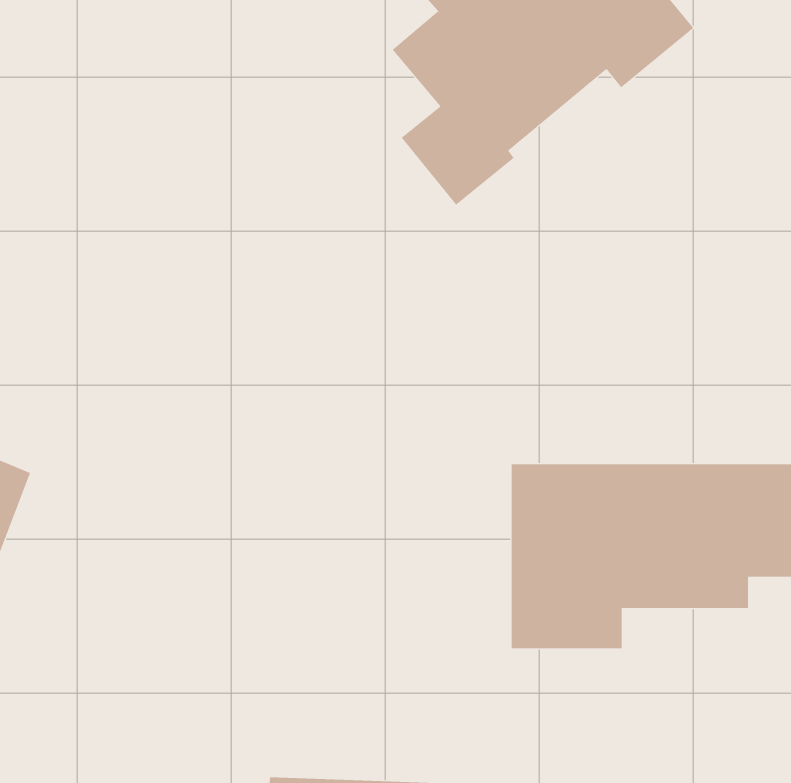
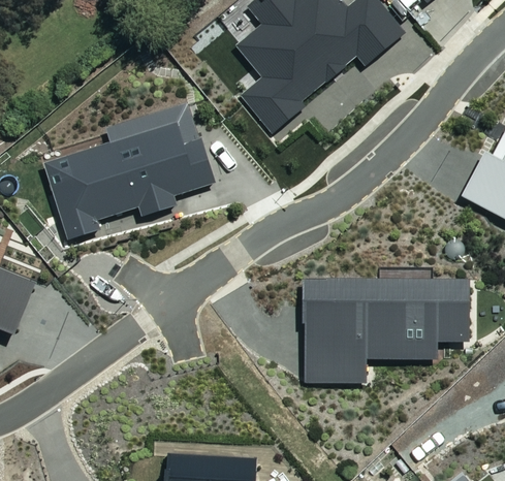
building: none -> [42,102,214,239]

